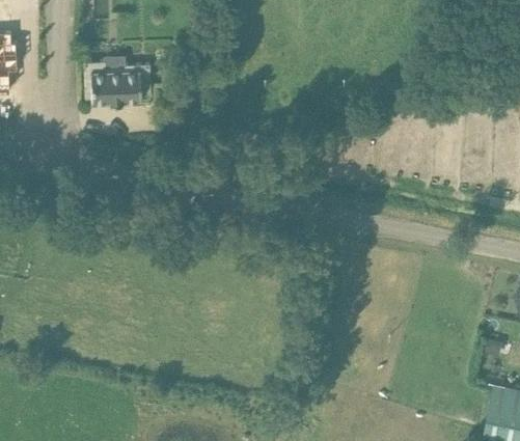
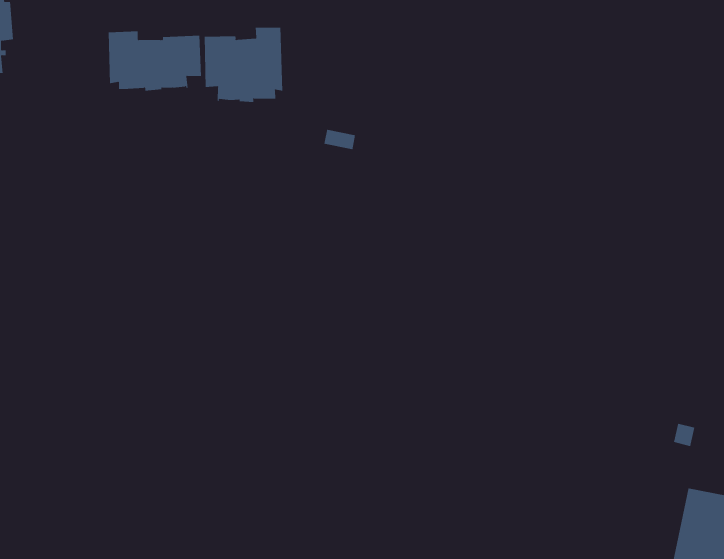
building: none -> [204,27,283,103]

